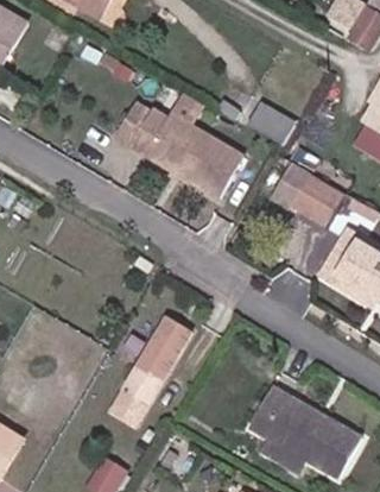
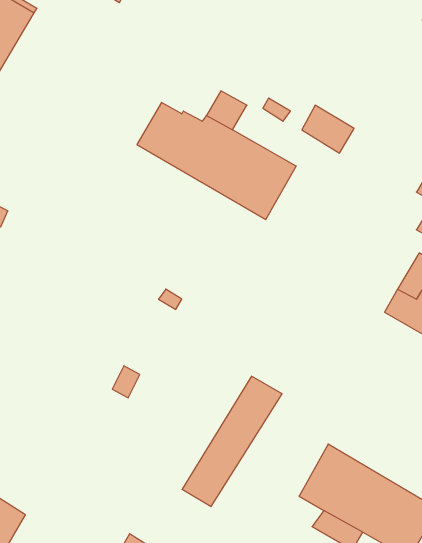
building: [274,165,340,223] -> none
building: [110,316,192,423] -> [182,376,282,507]

